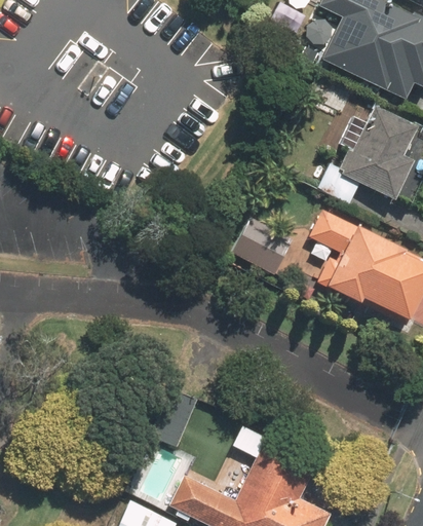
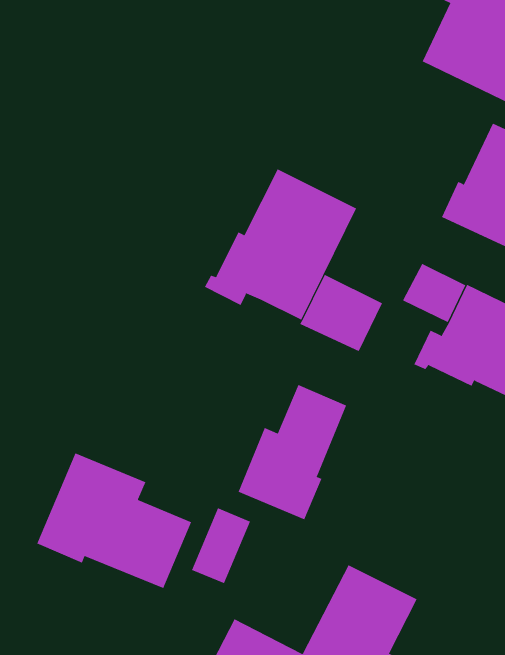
building: none -> [204,168,357,321]
building: none -> [238,384,347,520]
building: none -> [36,452,192,589]

